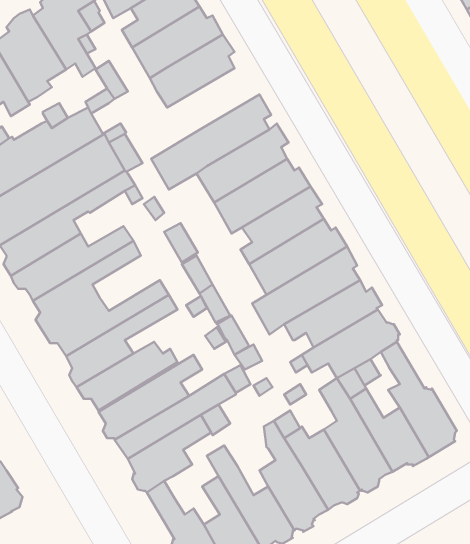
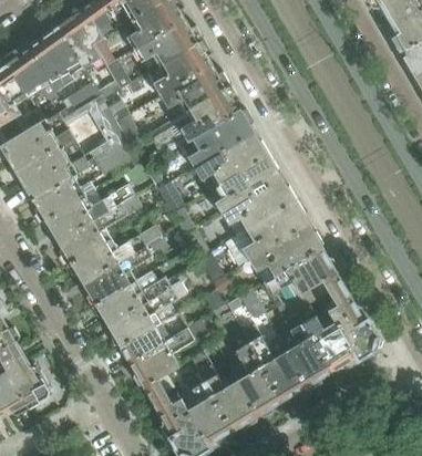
building: none -> [159,64,229,110]

